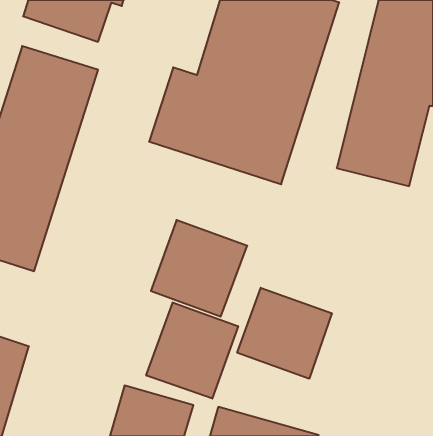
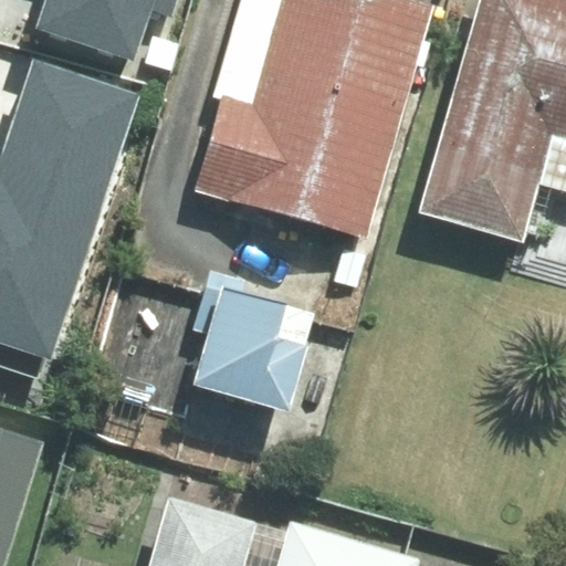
building: [237,288,332,379] -> none
building: [146,302,238,399] -> none

